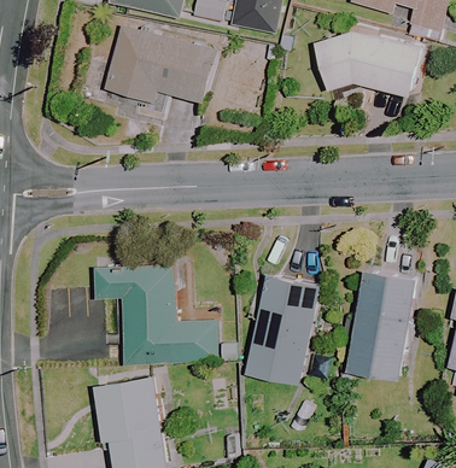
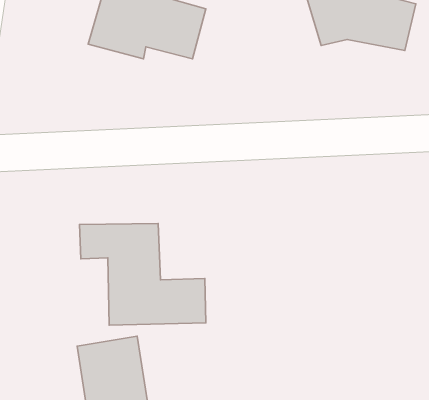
building: [340,269,416,379] -> none
building: [241,273,321,385] -> none

